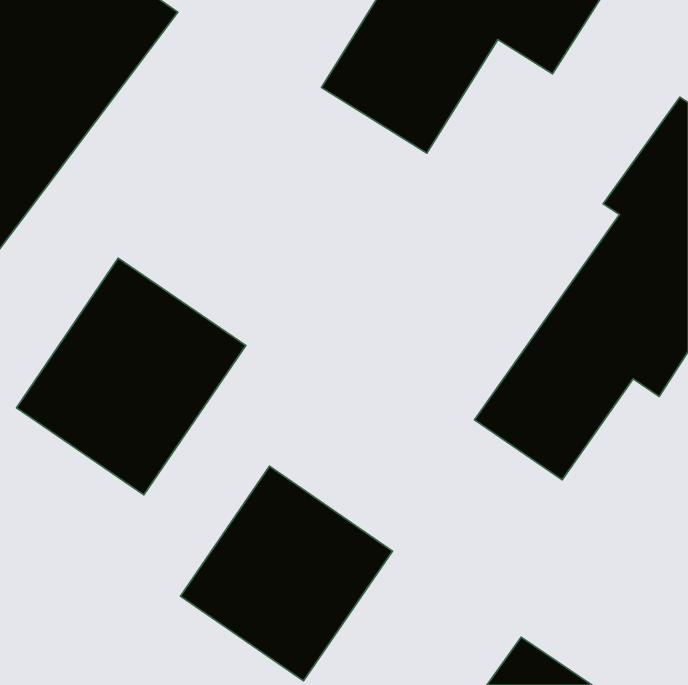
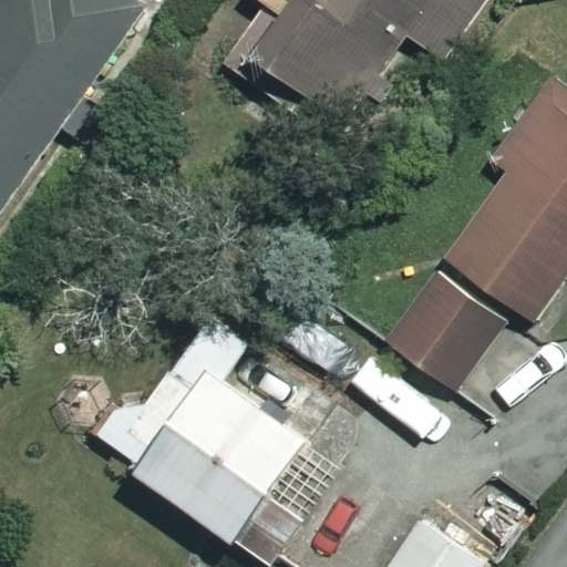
building: [16,258,246,495] -> none

